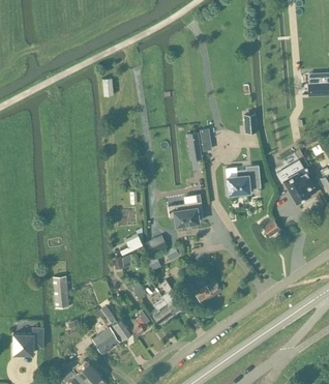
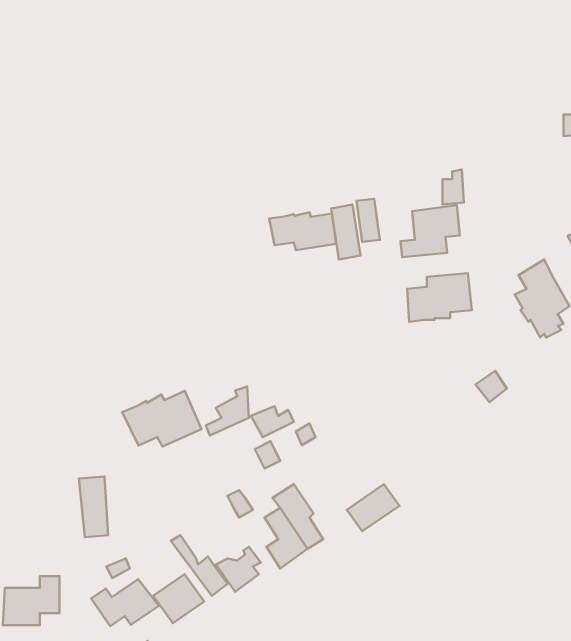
building: none -> [401,205,460,257]
building: none -> [269,212,336,250]
building: [168,201,203,226] -> none
building: none -> [122,391,202,447]
building: none -> [91,579,159,626]

